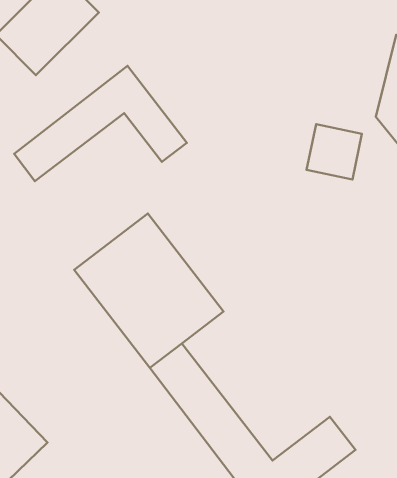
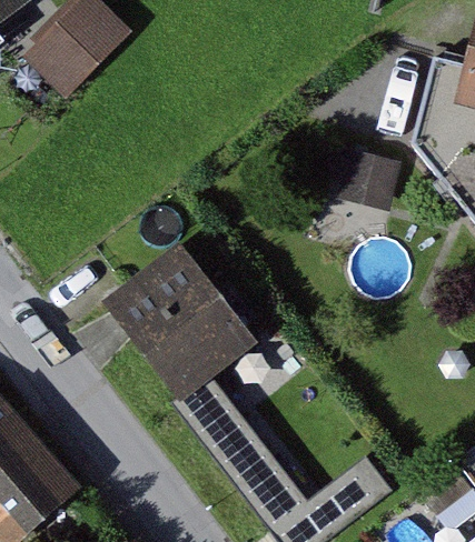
building: [14,66,187,181] -> none

